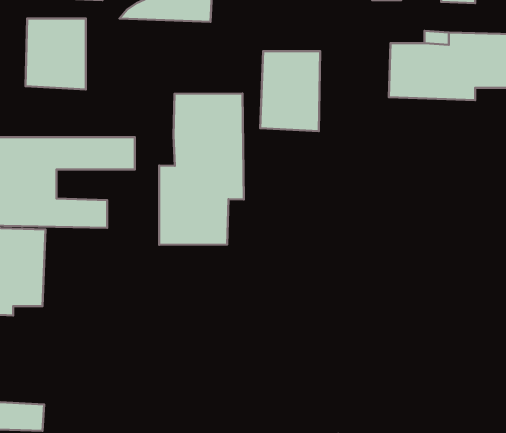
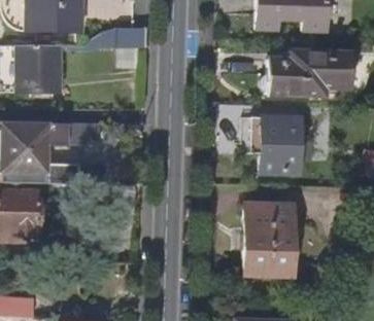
building: [260,51,320,131] -> [260,120,300,174]
building: [159,94,244,245] -> none
building: none -> [243,204,294,277]

